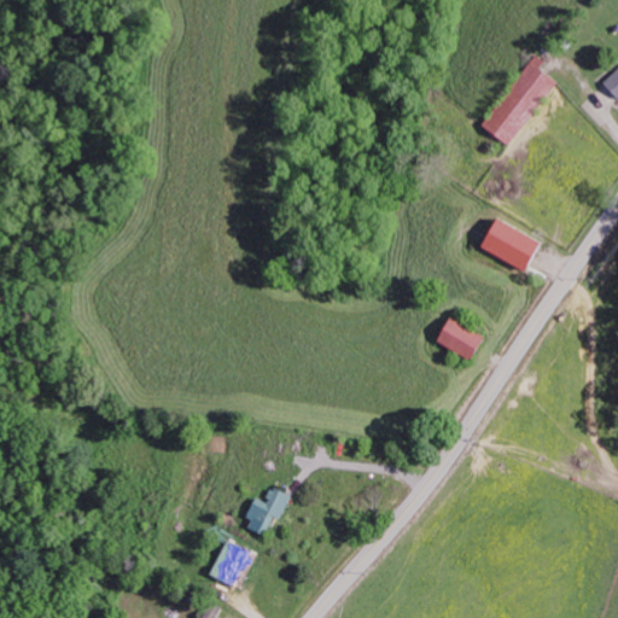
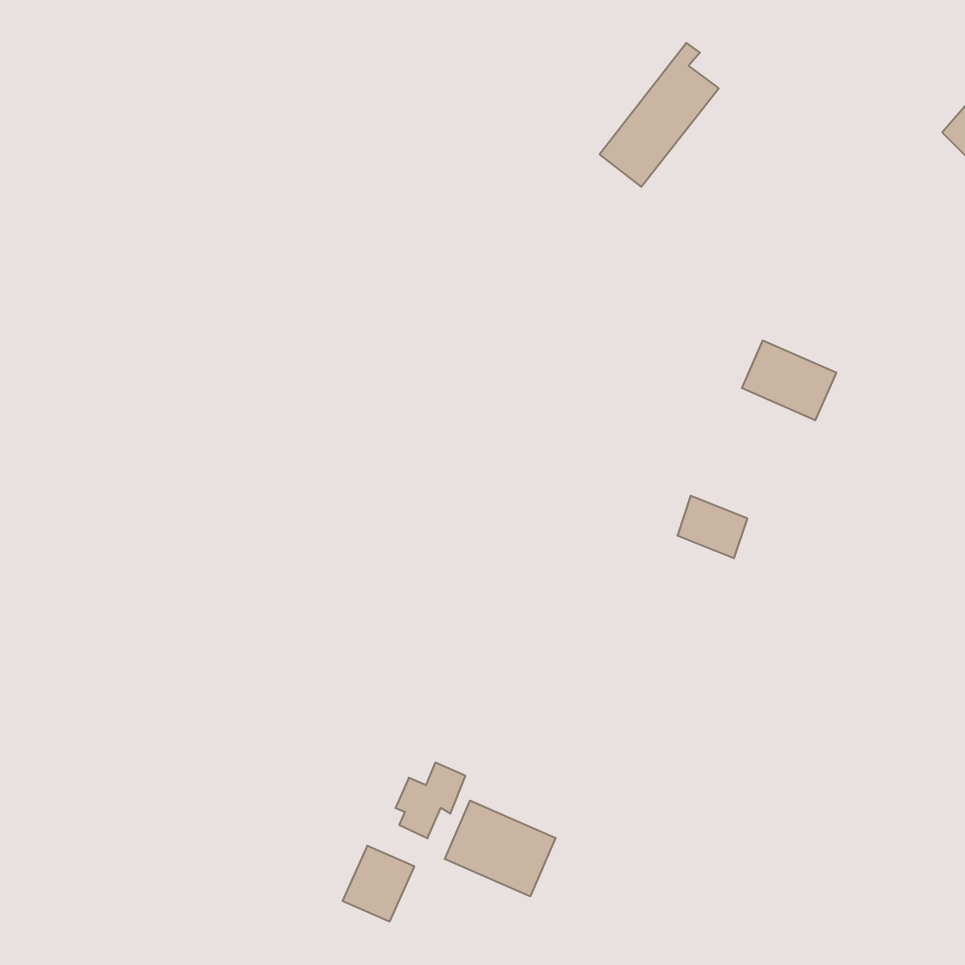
building: [480,53,556,145] -> [600,43,719,187]
building: none -> [445,801,556,896]

